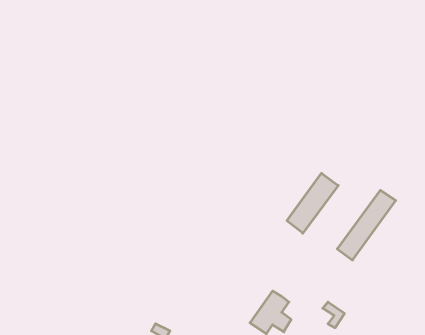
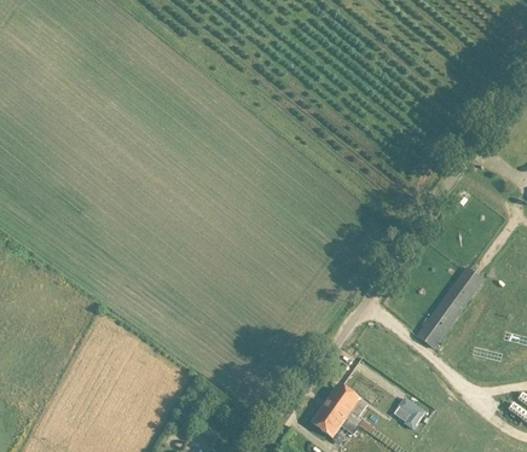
building: [287,173,338,233] -> none

